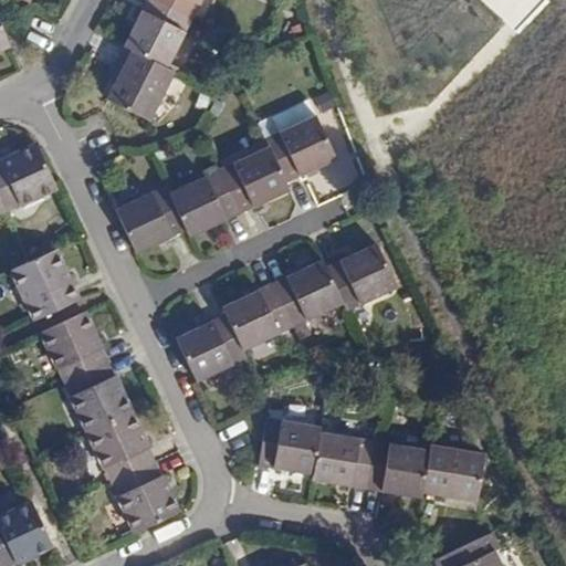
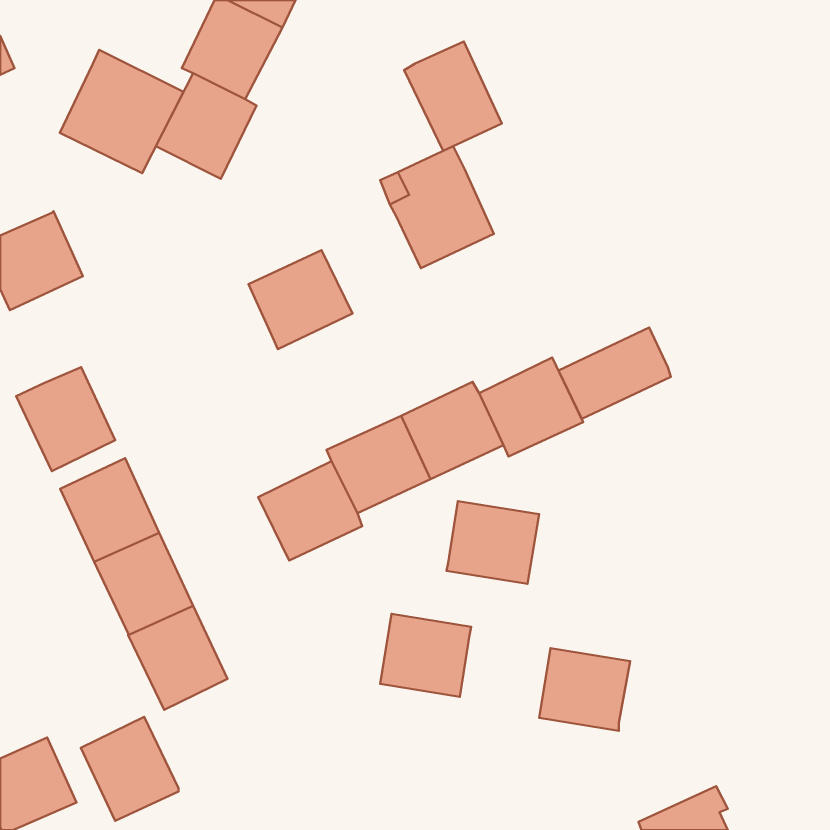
building: none -> [404,41,502,151]
building: none -> [60,50,183,173]
building: [219,147,290,213] -> none
building: [115,186,186,253] -> none
building: none -> [559,327,671,419]
building: [312,432,375,489] -> [446,501,539,584]
building: [421,444,484,501] -> none
building: [112,462,178,533] -> [81,717,178,821]

